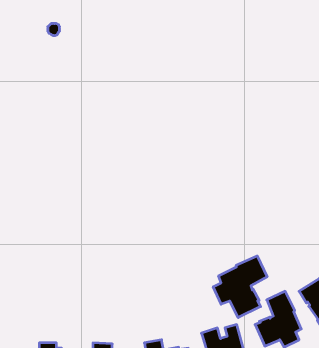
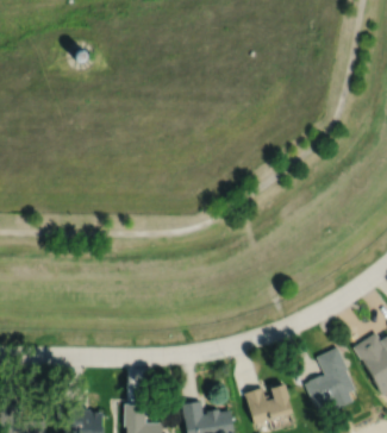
building: [213,256,267,318] -> none

